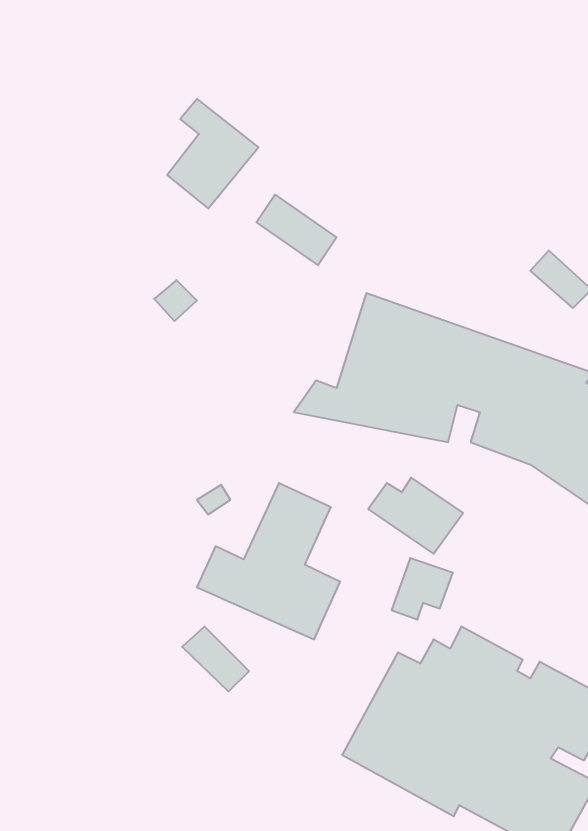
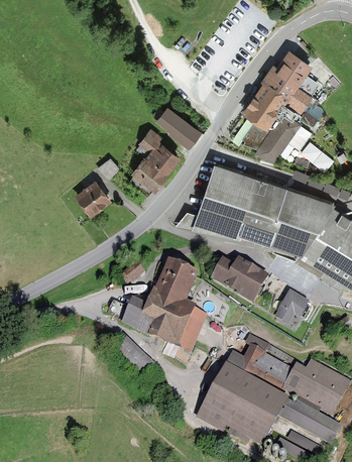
building: none -> [239,45,325,158]
building: [167,99,258,209] -> [131,131,181,191]
building: none -> [75,183,109,217]
building: [392,558,453,620] -> [277,288,311,322]

